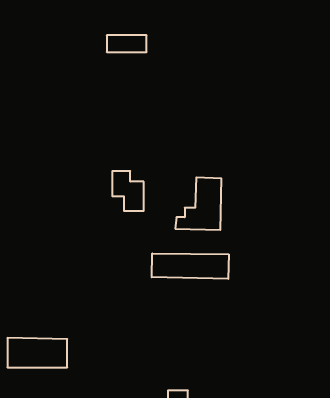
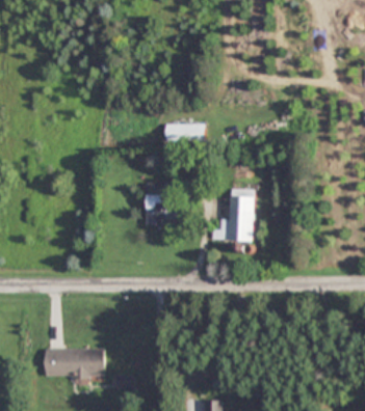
building: [107,35,147,52] -> [164,125,204,141]
building: [152,253,229,279] -> none

